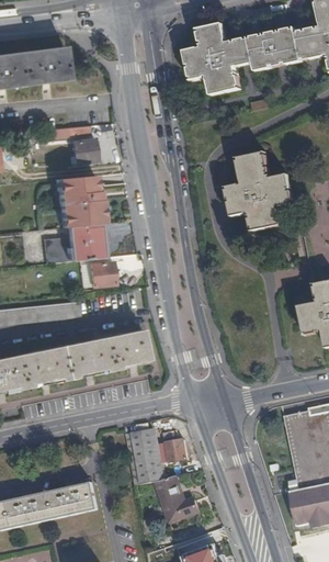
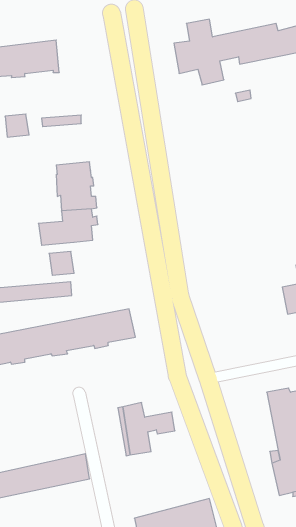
building: [69,138,94,162] -> [5,114,29,137]
building: [225,151,293,232] -> none
building: [87,261,113,286] -> [49,251,74,275]
building: [155,476,197,522] -> none

